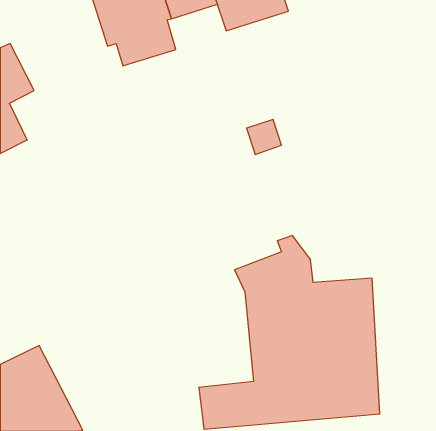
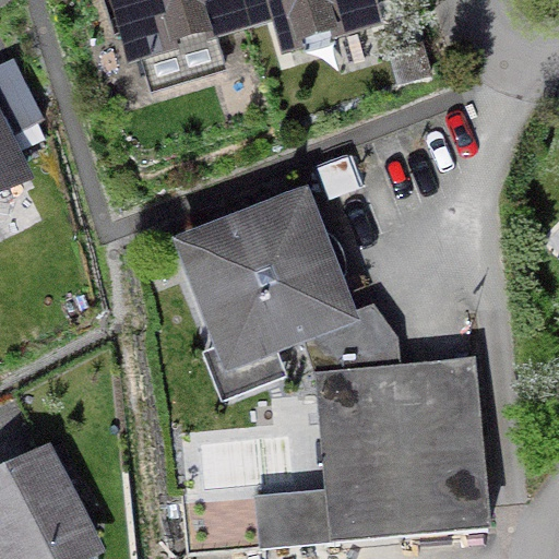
building: none -> [174,188,360,373]

